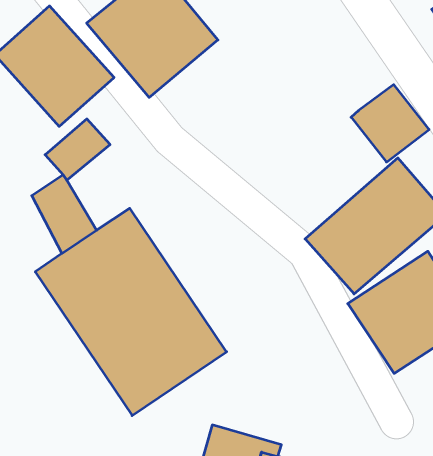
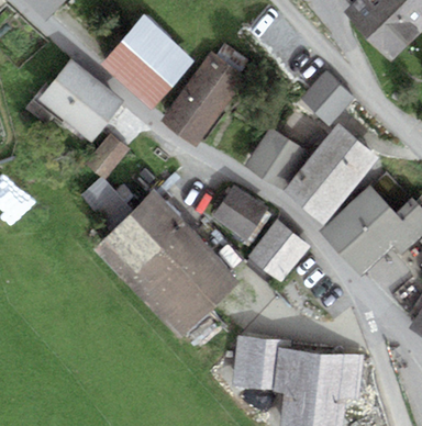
building: none -> [160,52,248,147]
building: none -> [245,126,303,186]
building: none -> [210,183,269,242]
building: none -> [248,218,311,281]

